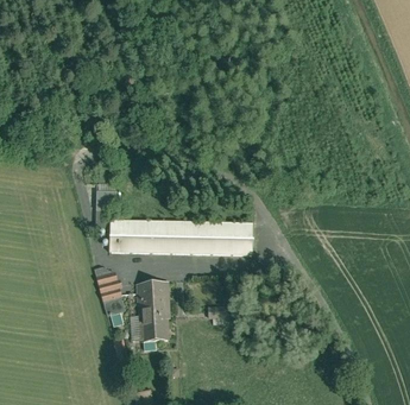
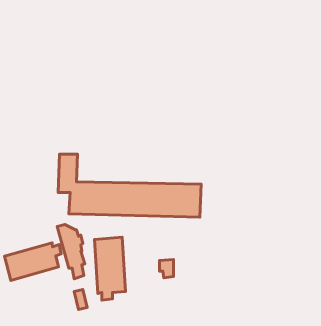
building: none -> [5,243,61,280]

